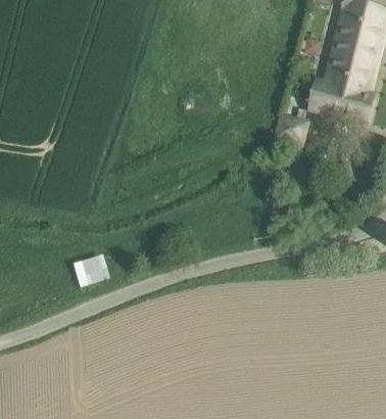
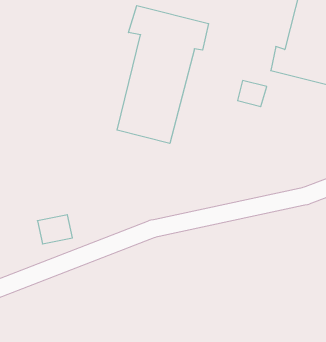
building: none -> [117,6,209,143]

